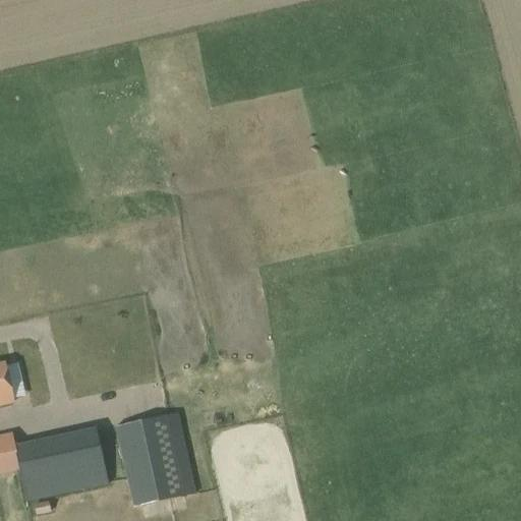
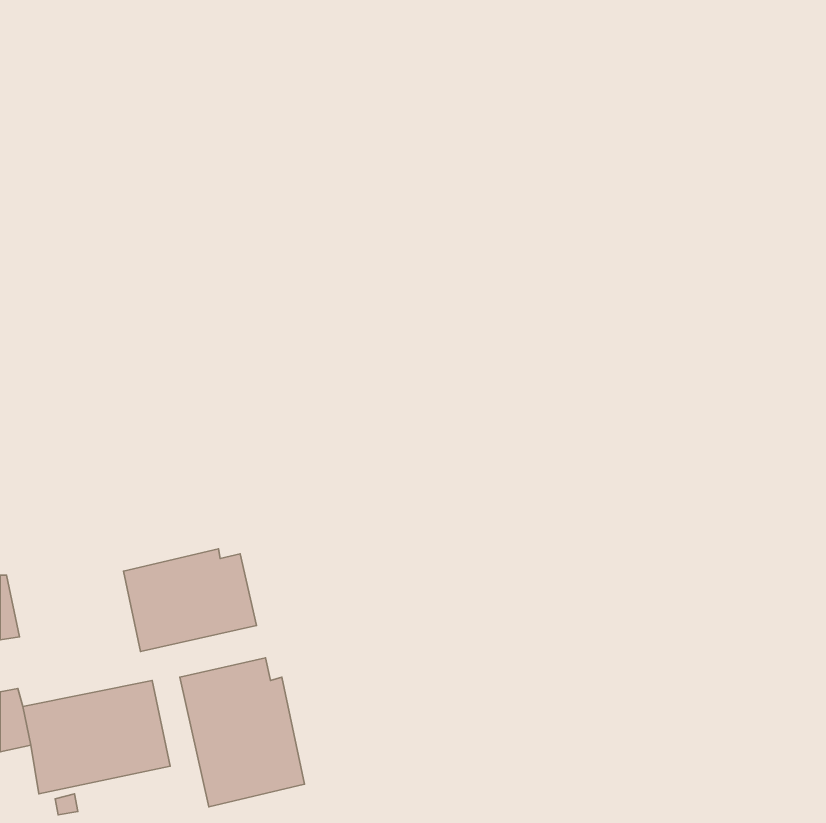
building: none -> [124,549,256,651]

